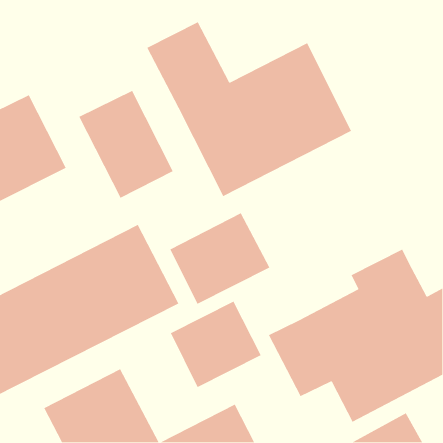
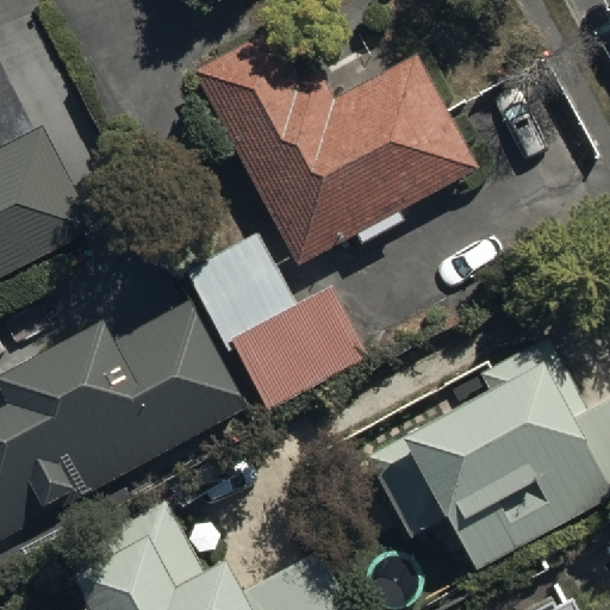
building: [78,90,174,199] -> none
building: [170,301,262,388] -> none

